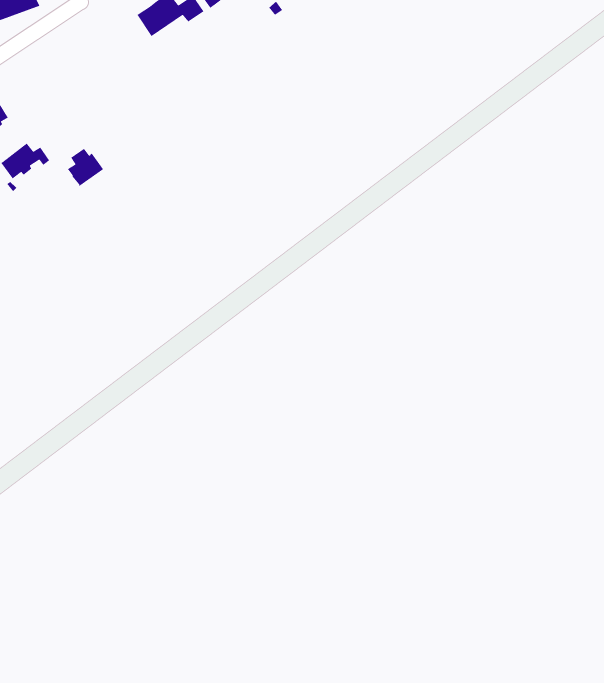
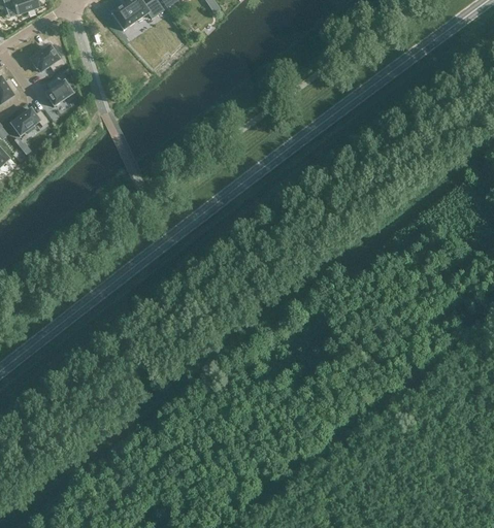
building: none -> [31,45,64,70]
building: [66,148,103,186] -> [44,76,72,105]

